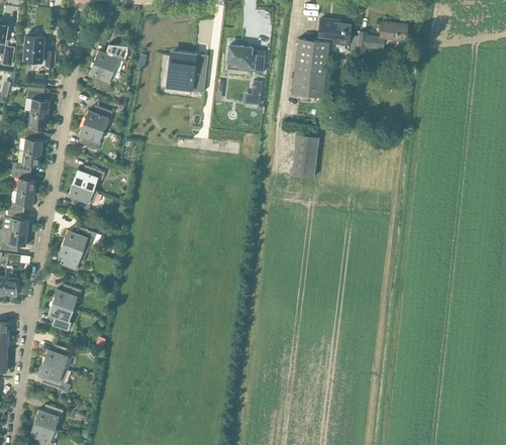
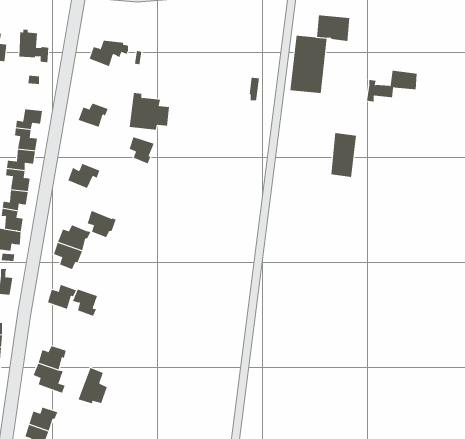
building: [357,22,407,53] -> [366,70,417,102]
building: [226,44,266,73] -> none
building: [166,50,206,88] -> [129,92,170,130]
building: [89,63,114,91] -> none
building: [27,91,49,114] -> none
building: [79,123,104,150] -> [129,136,154,164]
building: [292,134,318,179] -> [330,132,357,177]
building: [69,183,98,210] -> [87,210,117,238]
building: [47,303,73,330] -> [72,289,98,316]
building: none -> [78,367,107,404]

